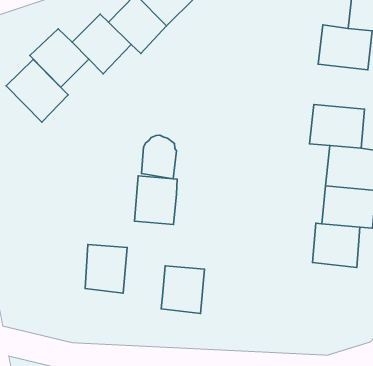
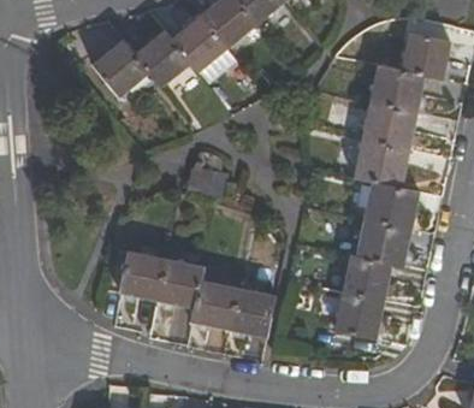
building: [6,60,68,122] -> none
building: none -> [360,101,415,149]
building: [134,176,177,225] -> [156,258,202,308]
building: none -> [333,291,384,337]
building: none -> [229,286,274,337]

